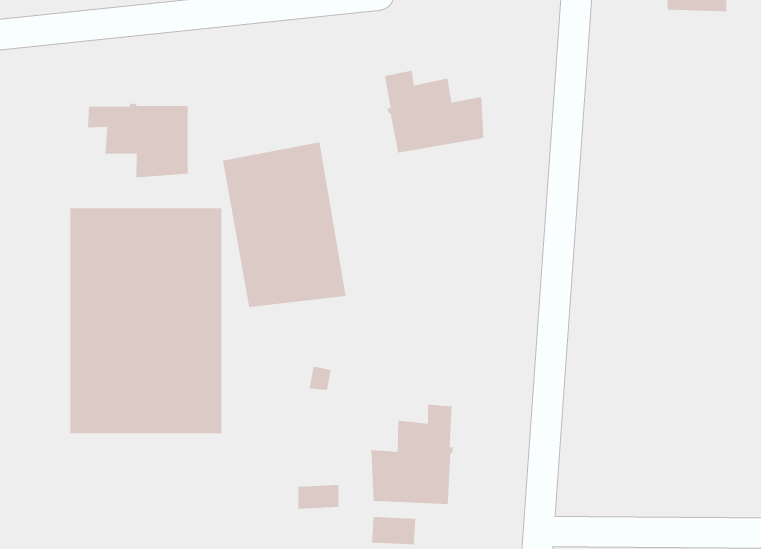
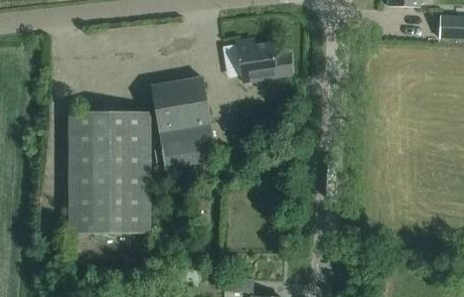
building: [87,103,188,178] -> none
building: [371,404,454,505] -> none

